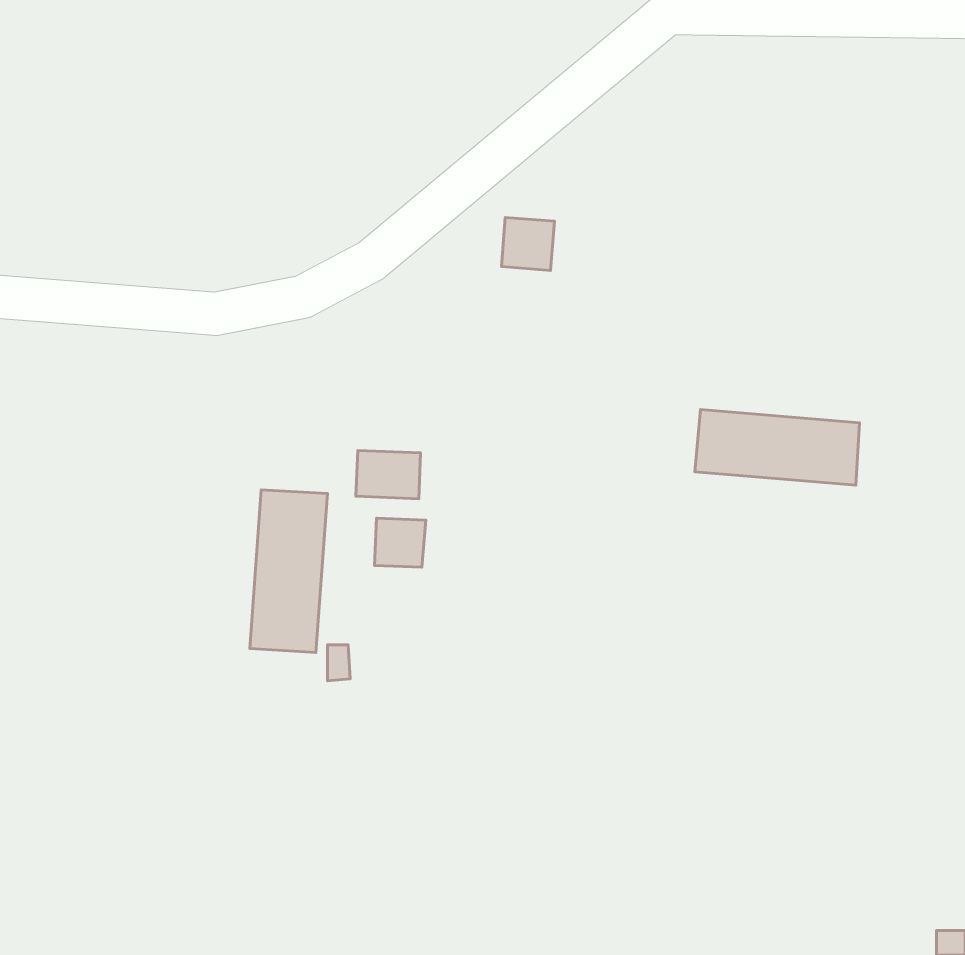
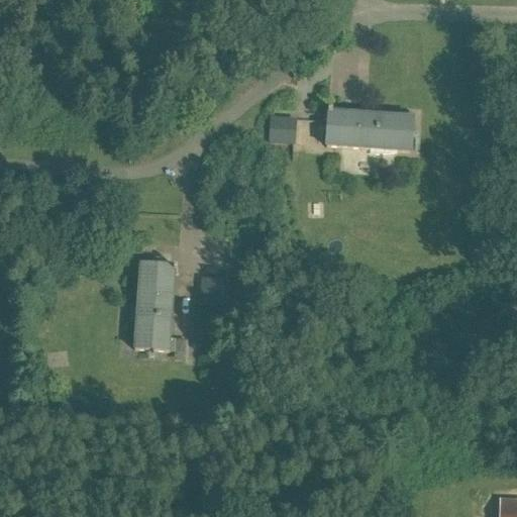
building: [695,409,860,485] -> [324,108,412,148]
building: [356,450,421,499] -> none

